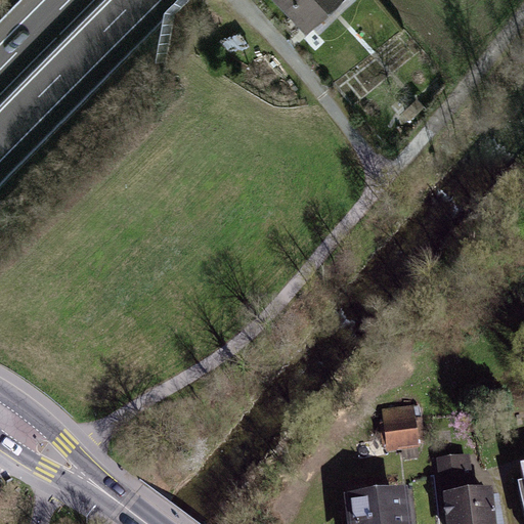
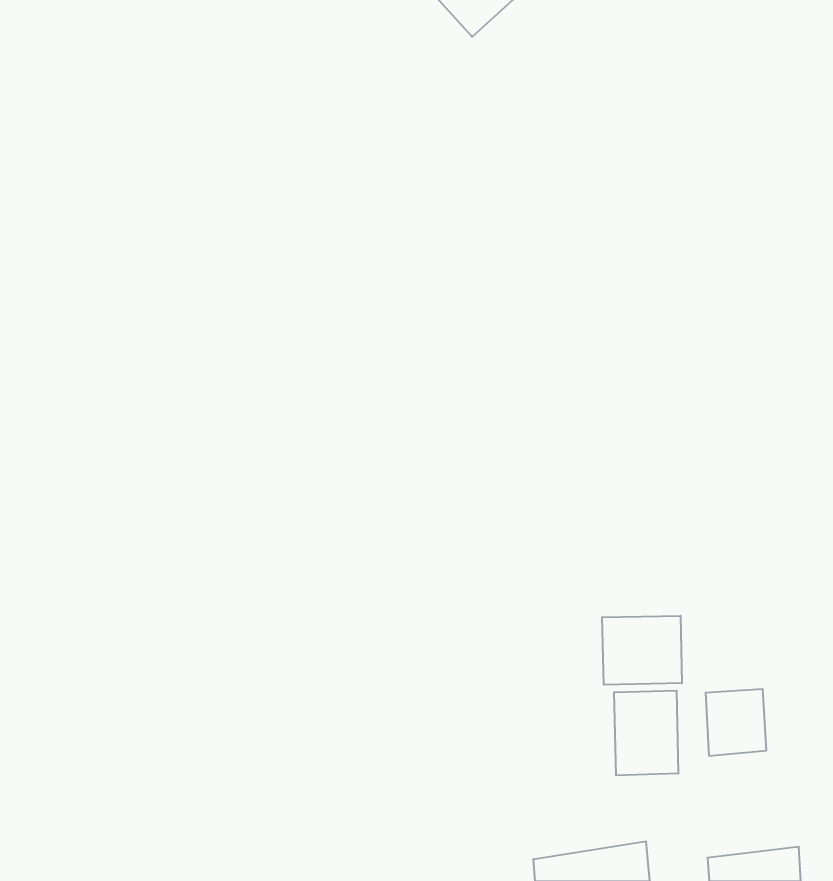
building: none -> [602,616,682,685]
building: [438,455,473,493] -> [705,689,766,756]

